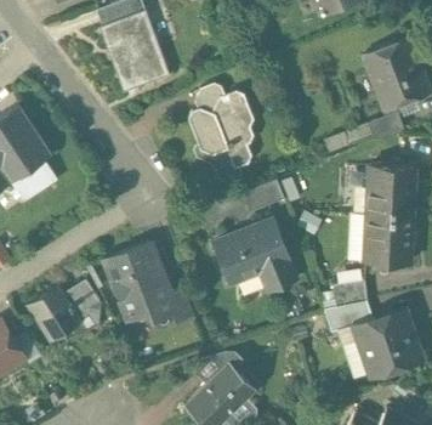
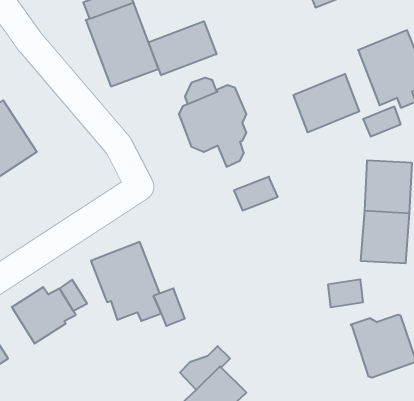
building: none -> [149,21,217,75]
building: none -> [293,74,359,132]
building: [214,221,295,289] -> none
building: [324,302,373,334] -> none

